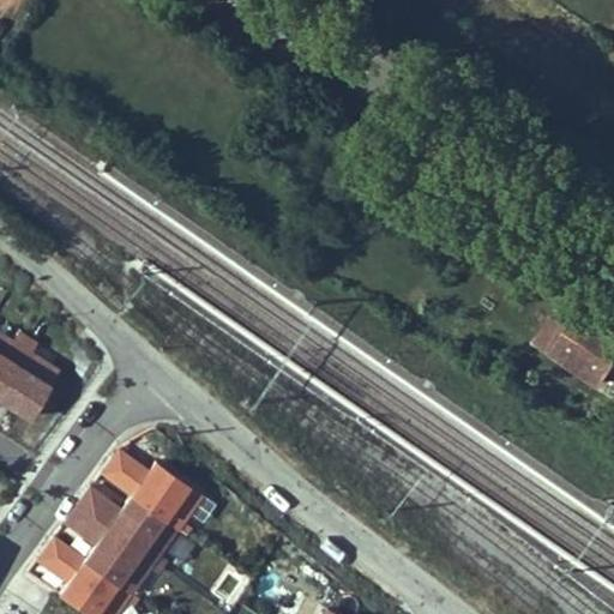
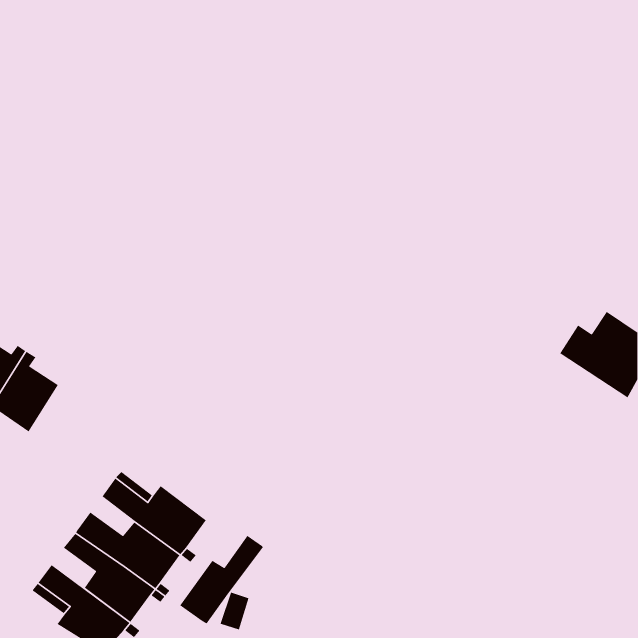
building: none -> [179,535,264,624]

